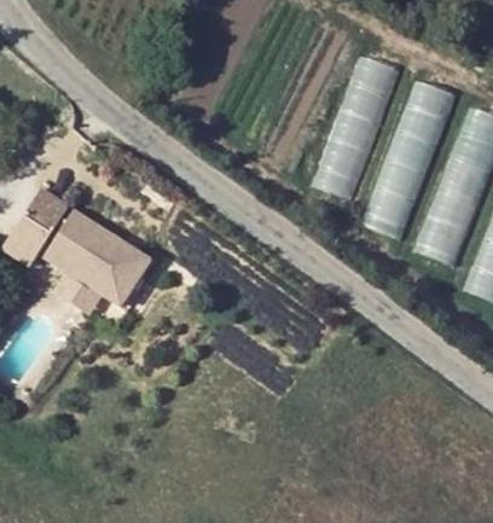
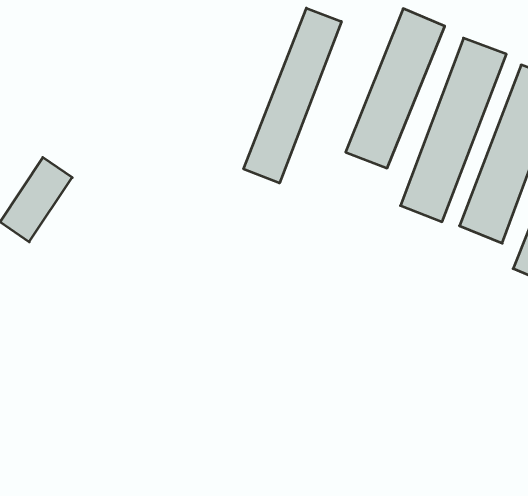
building: none -> [244,8,341,183]
building: [42,209,147,303] -> none

